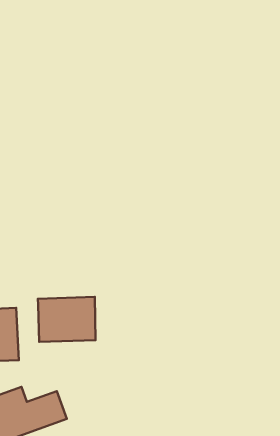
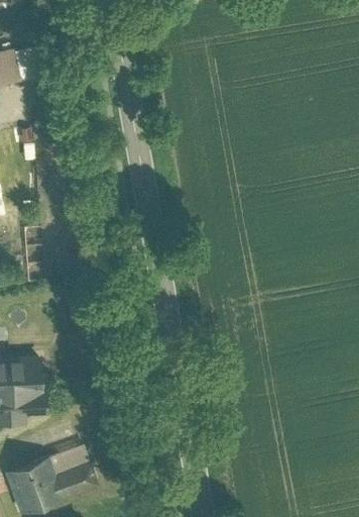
building: [38,297,95,342] -> none

